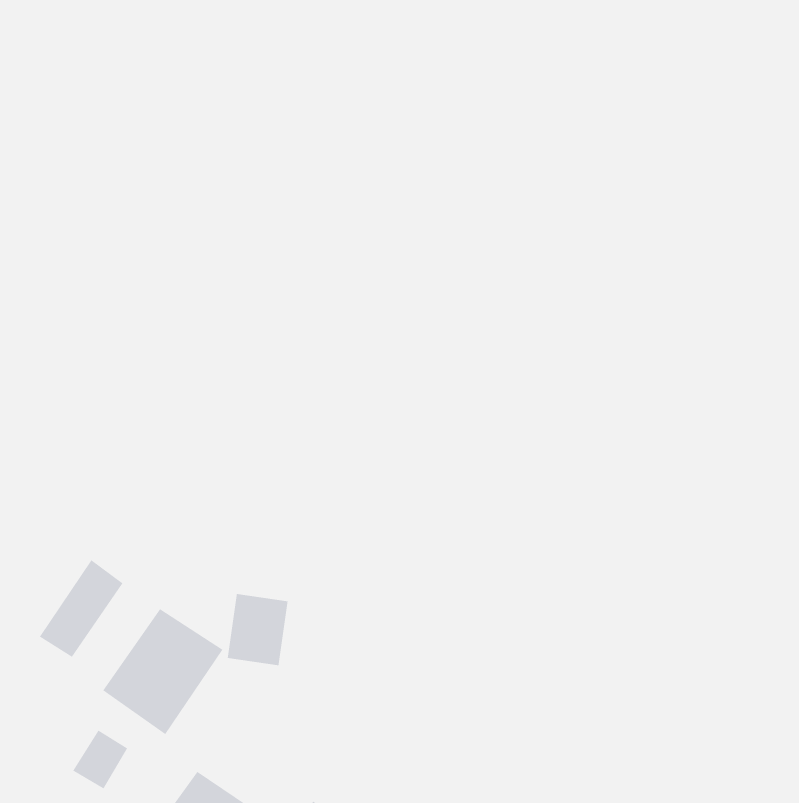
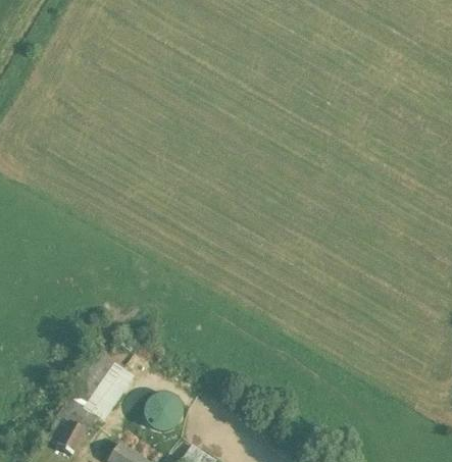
building: [39,559,123,658] -> none
building: [227,593,288,666] -> [145,391,179,430]

